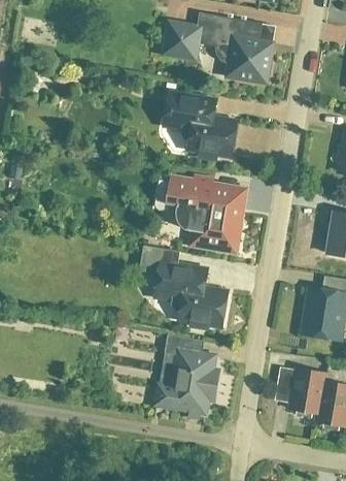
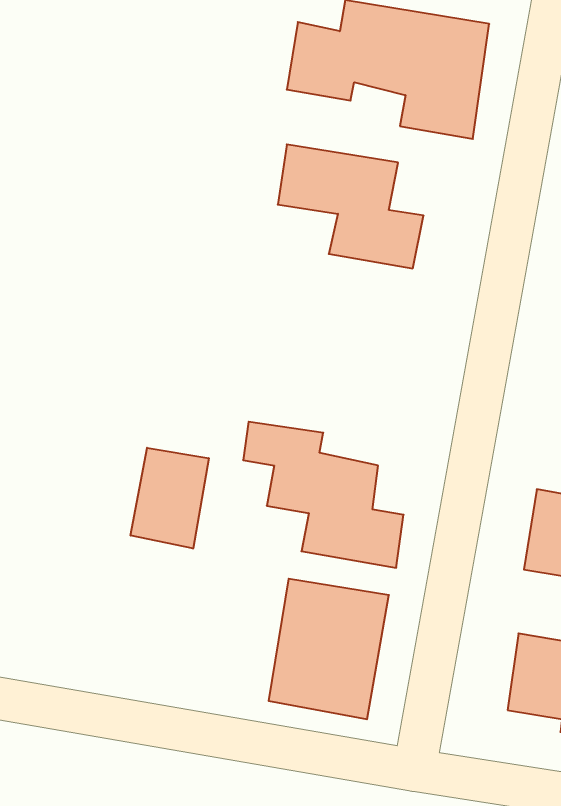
building: [166,171,248,254] -> none
building: none -> [131,448,209,549]

